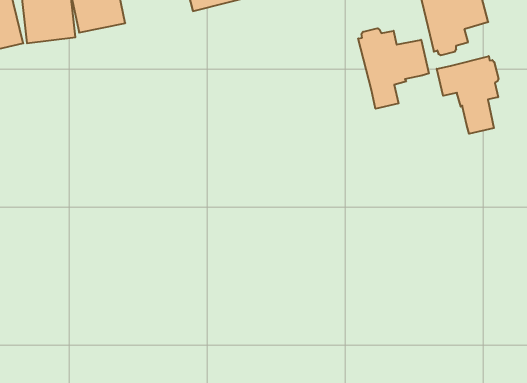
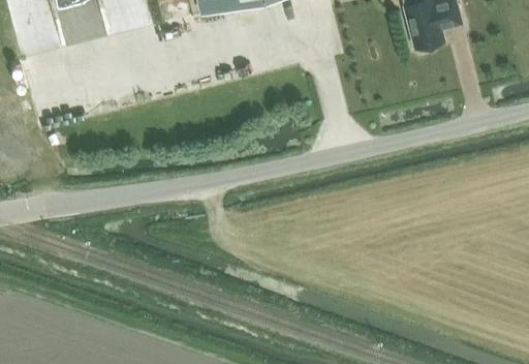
building: [358,28,429,109] -> none
building: [437,56,498,134] -> none

